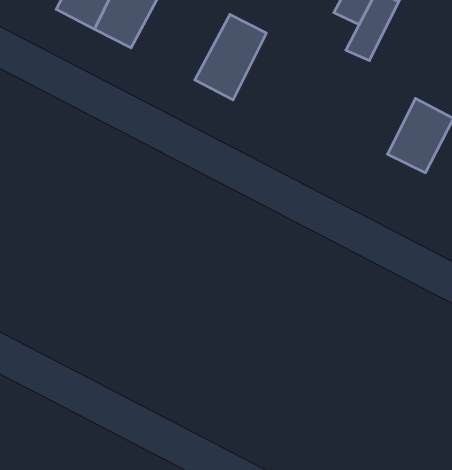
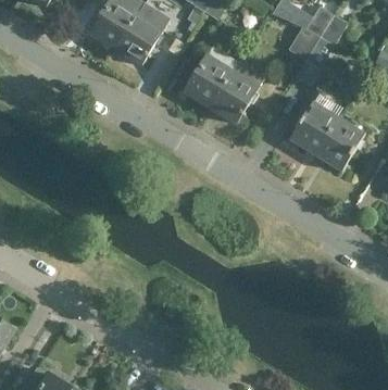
building: none -> [210,61,264,123]
building: none -> [290,100,339,153]

